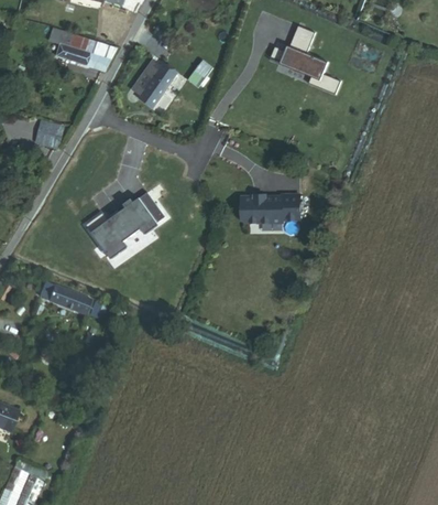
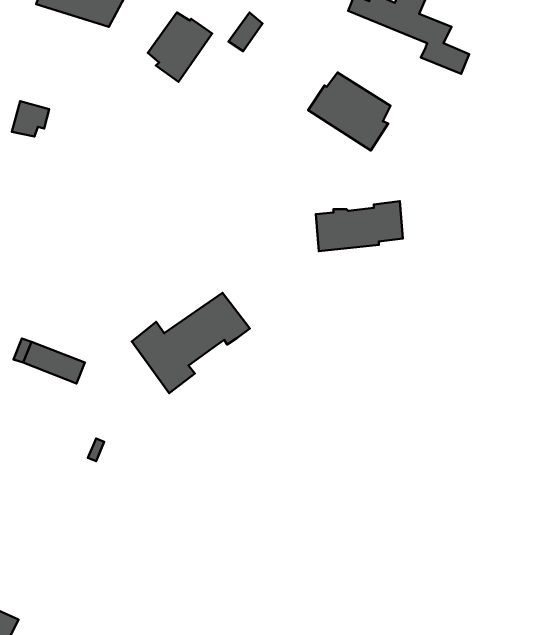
building: none -> [308,73,391,151]
building: [83,192,163,260] -> [132,293,250,393]

